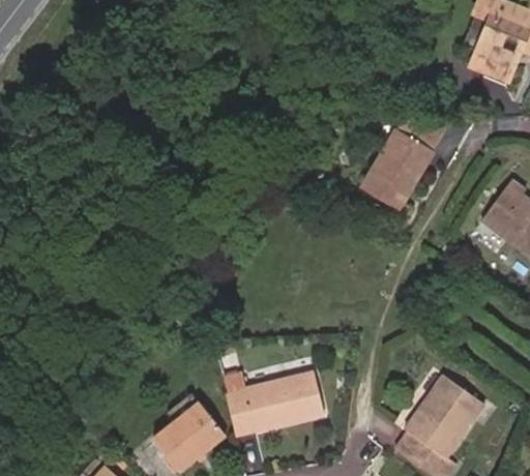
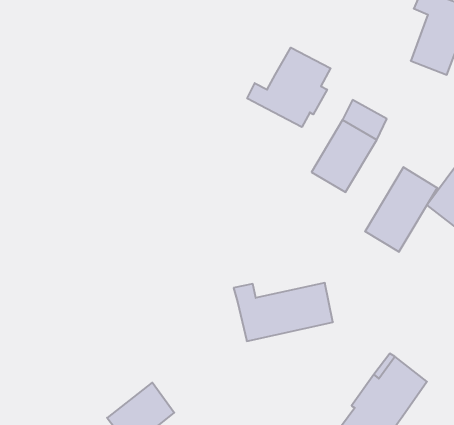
building: none -> [247,48,331,127]
building: none -> [365,167,437,252]
building: [220,373,323,433] -> [234,283,333,341]

